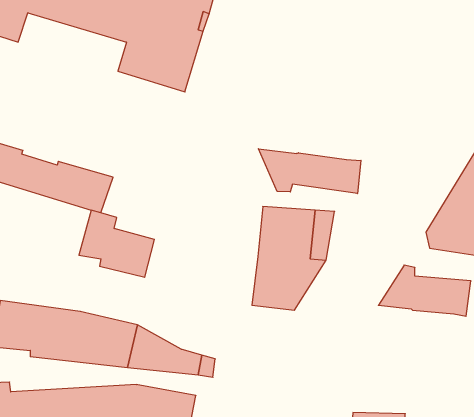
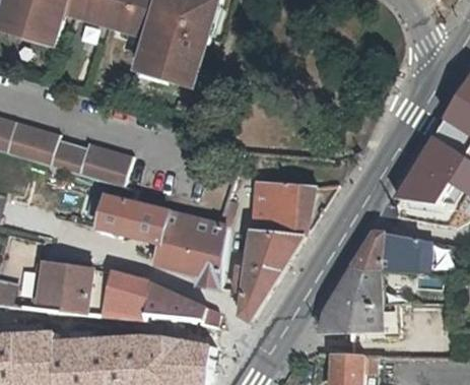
building: [258,149,361,194] -> none
building: none -> [152,209,224,287]
building: none -> [230,263,282,320]
building: none -> [318,264,394,337]

